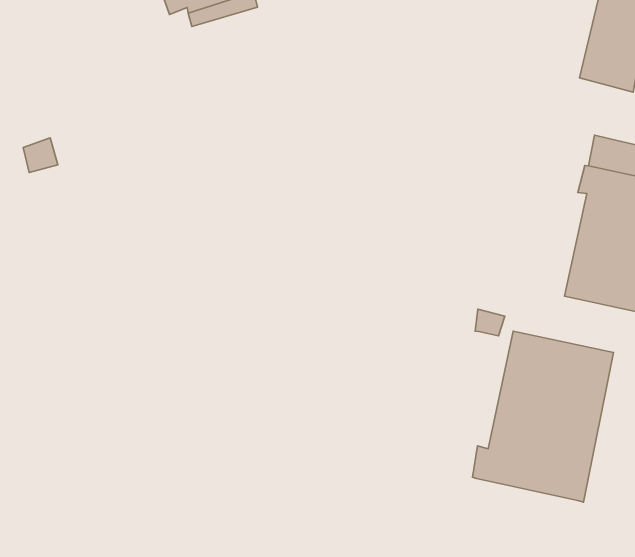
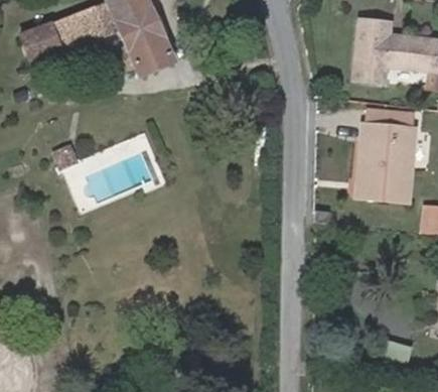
building: [472,331,613,502] -> none

